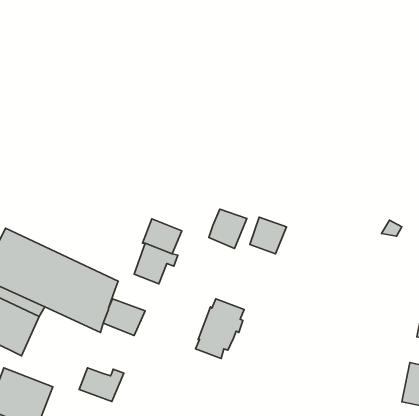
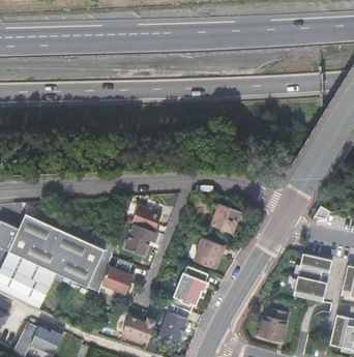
building: [209,209,247,248] -> [194,238,223,268]
building: none -> [292,254,331,301]
building: none -> [258,309,286,343]
building: none -> [159,311,186,340]
building: [79,368,124,402] -> [121,317,155,343]

